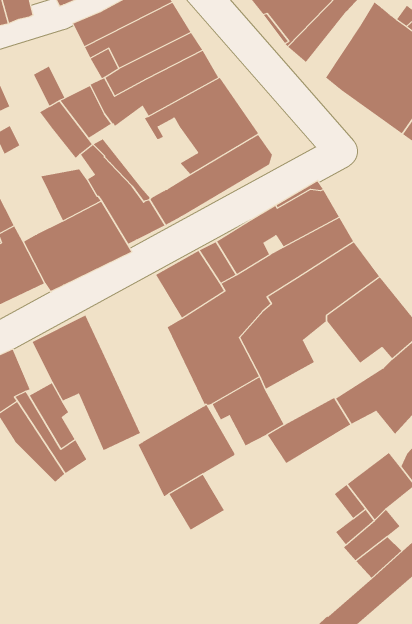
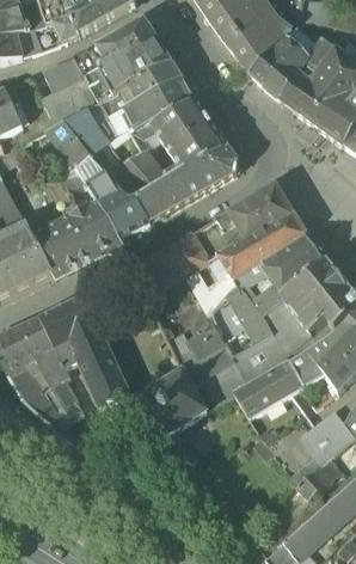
building: none -> [266,45,311,99]
building: none -> [45,55,84,90]
building: none -> [124,149,171,191]
building: none -> [233,300,311,385]
building: none -> [25,317,57,361]

